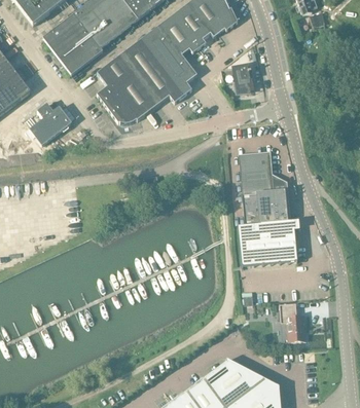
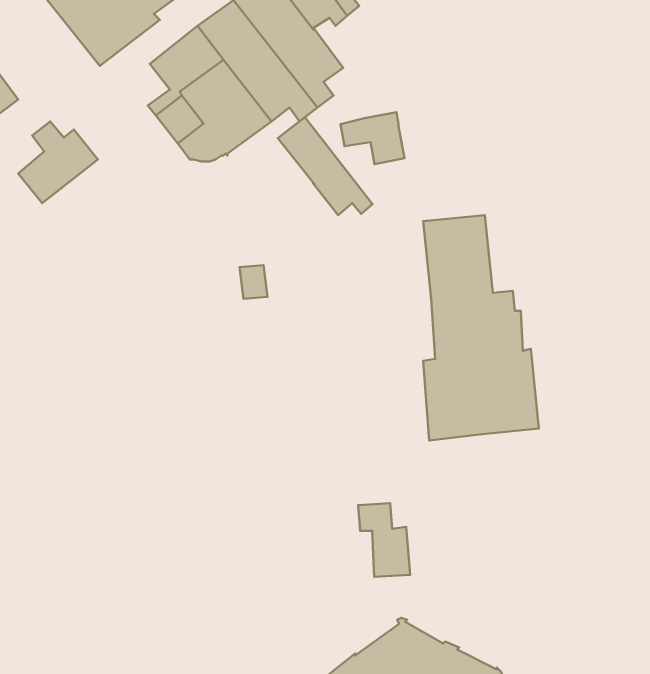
building: [220,63,253,89] -> [341,112,404,164]
building: none -> [278,117,373,215]
building: [279,302,305,340] -> [358,503,410,577]

